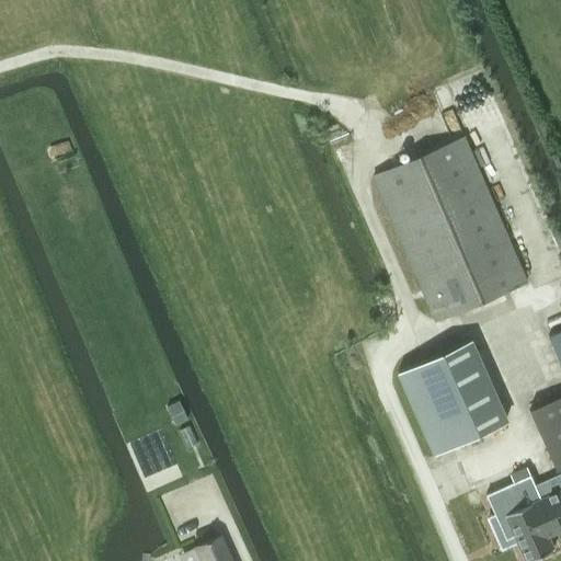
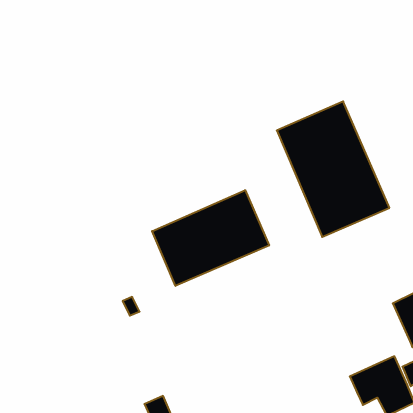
building: none -> [152,190,269,286]
building: [400,342,507,455] -> none

